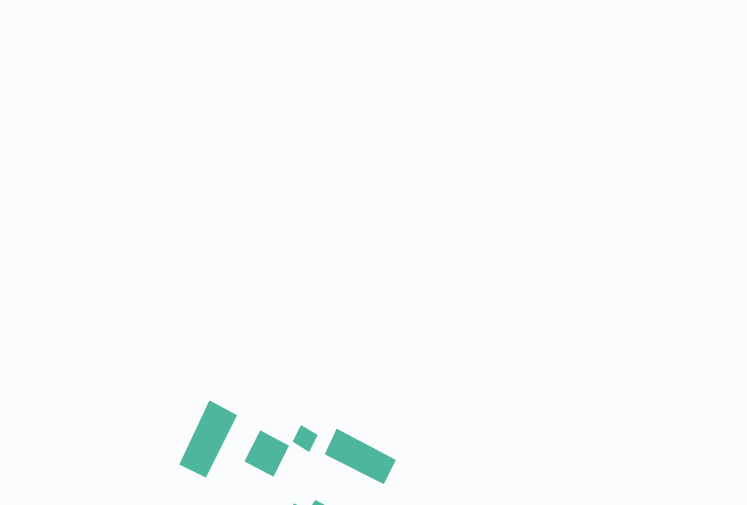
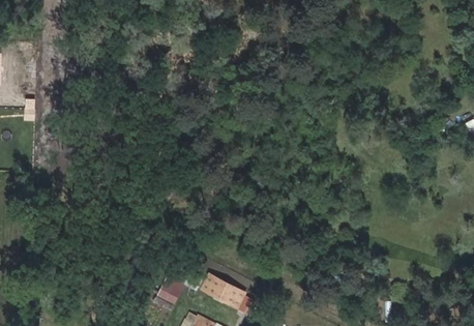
building: [179,400,238,479] -> none

